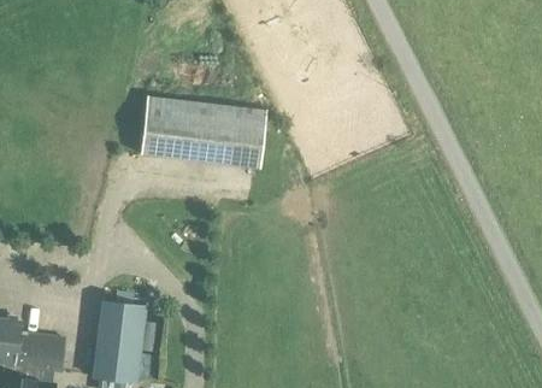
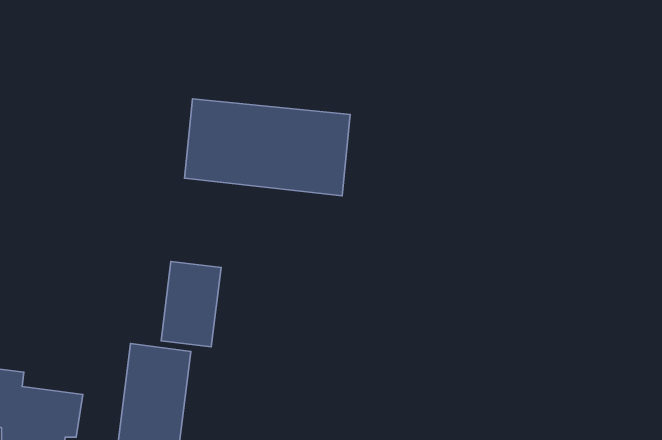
building: none -> [161,262,221,347]

